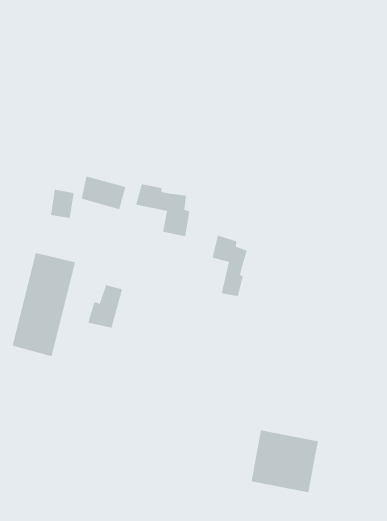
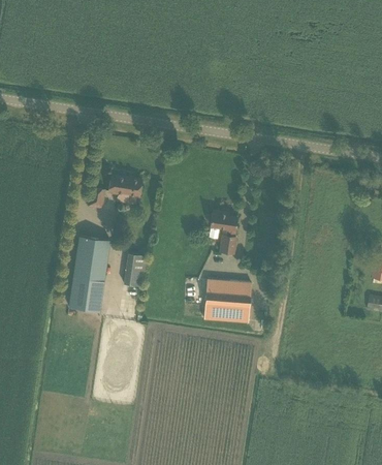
building: [136,184,190,237] -> none
building: [251,430,319,493] -> [204,279,252,322]

